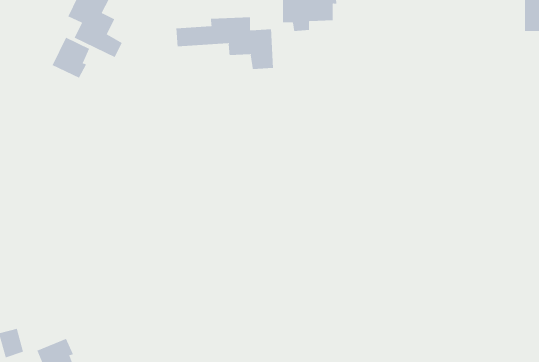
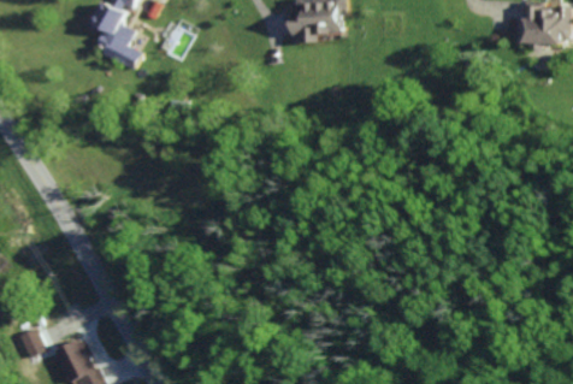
building: [176,16,274,70] -> none
building: [52,37,90,79] -> none

